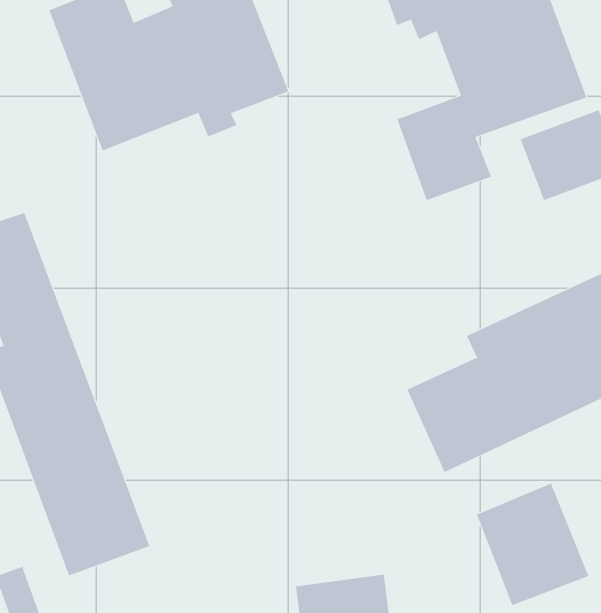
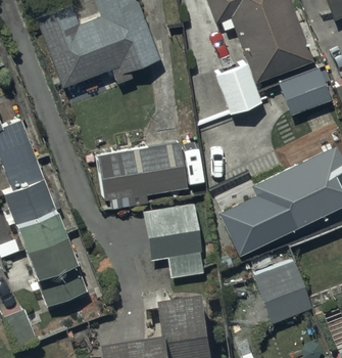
building: none -> [98,143,188,212]
building: none -> [143,205,204,278]

